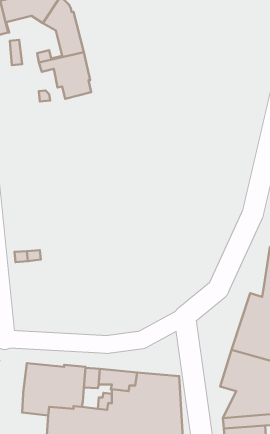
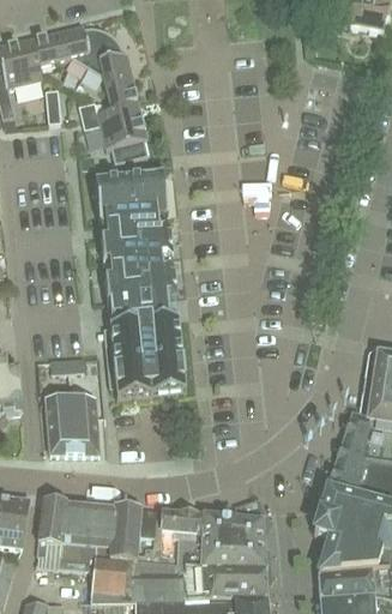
building: none -> [94,171,185,397]
building: none -> [44,396,98,455]
building: none -> [36,499,65,555]

